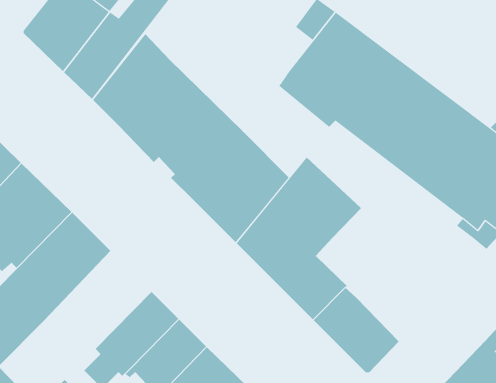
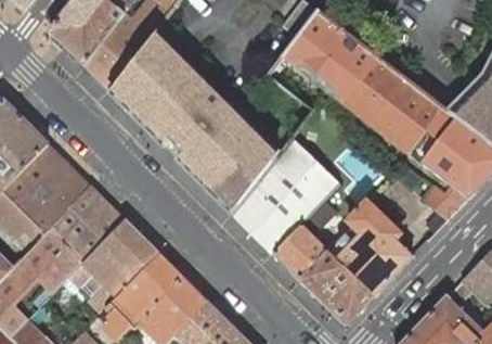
building: none -> [326,198,412,296]
building: none -> [67,218,159,316]

